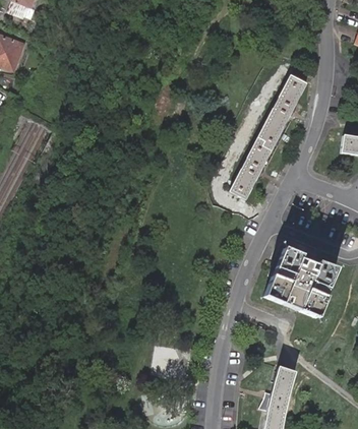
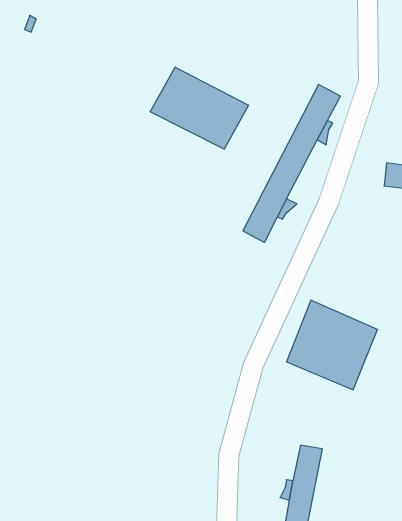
building: none -> [150,67,248,149]

